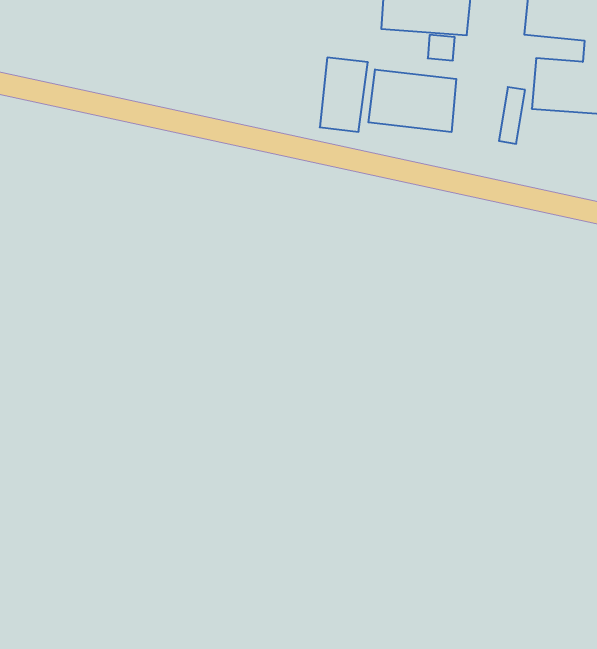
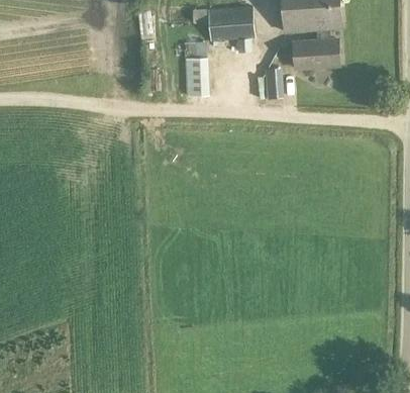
building: [368,69,456,132] -> none

